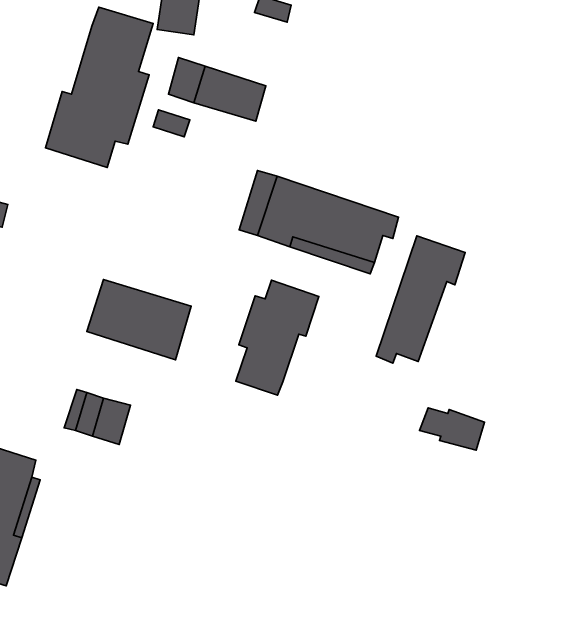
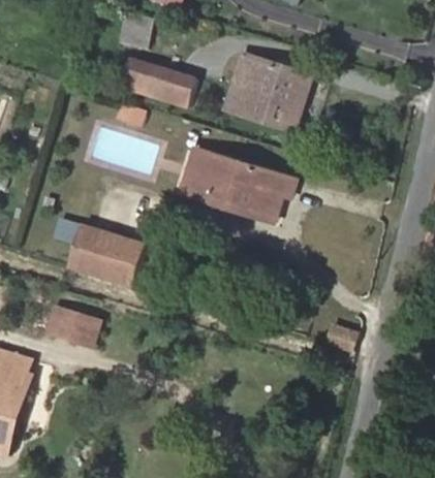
building: [46,7,153,167] -> none
building: none -> [225,52,314,131]
building: [376,236,465,363] -> none
building: [236,280,319,395] -> none

